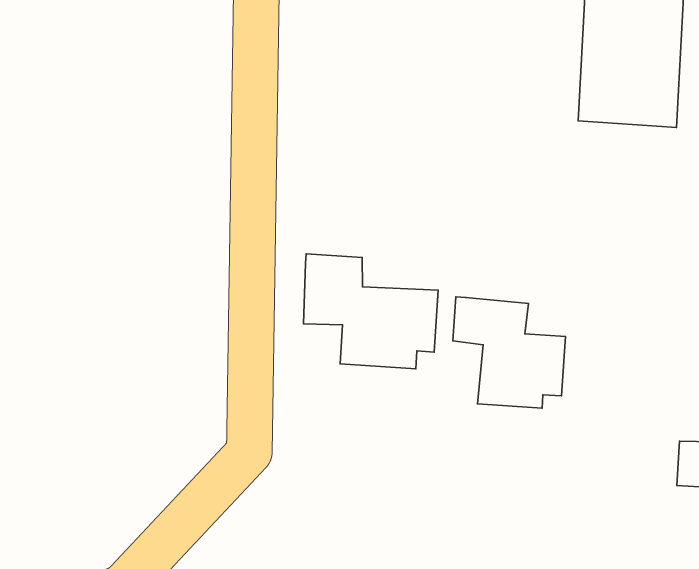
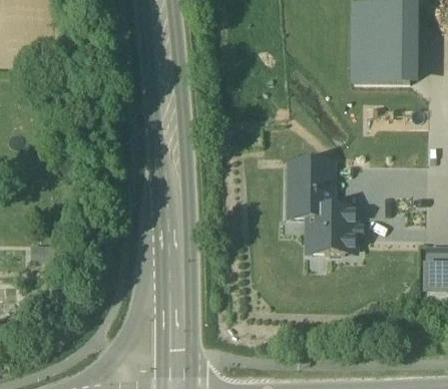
building: none -> [295,158,332,186]
building: [304,254,438,369] -> none

